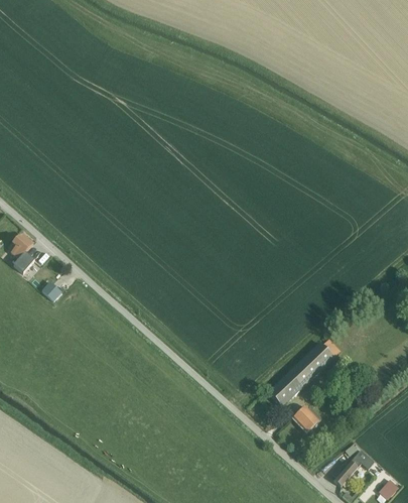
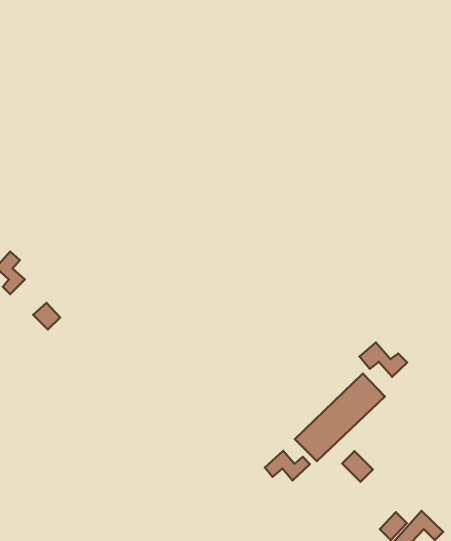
building: none -> [359,342,407,377]
building: none -> [265,451,310,481]

